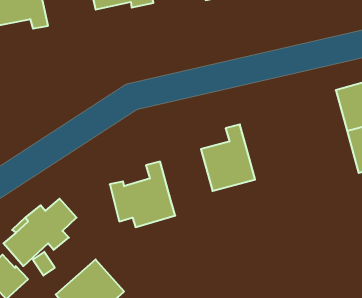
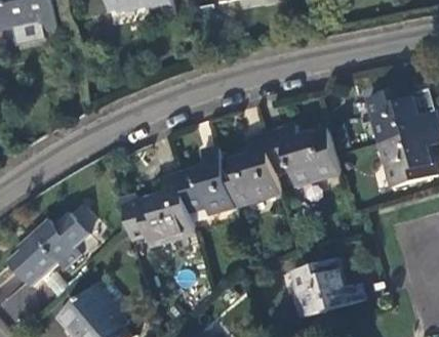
building: none -> [263,126,337,185]
building: none -> [176,149,233,214]
building: none -> [290,258,362,315]

